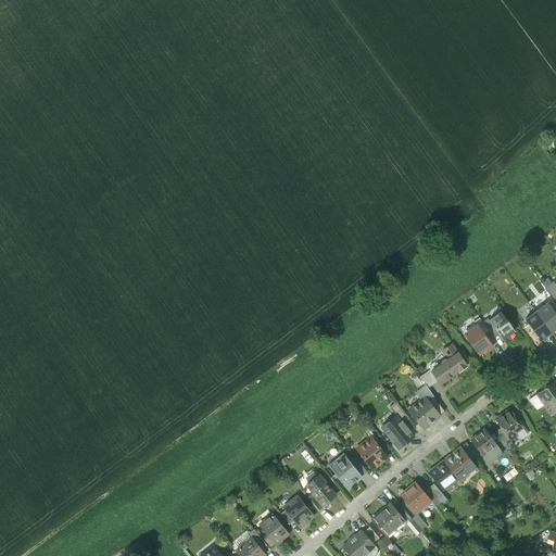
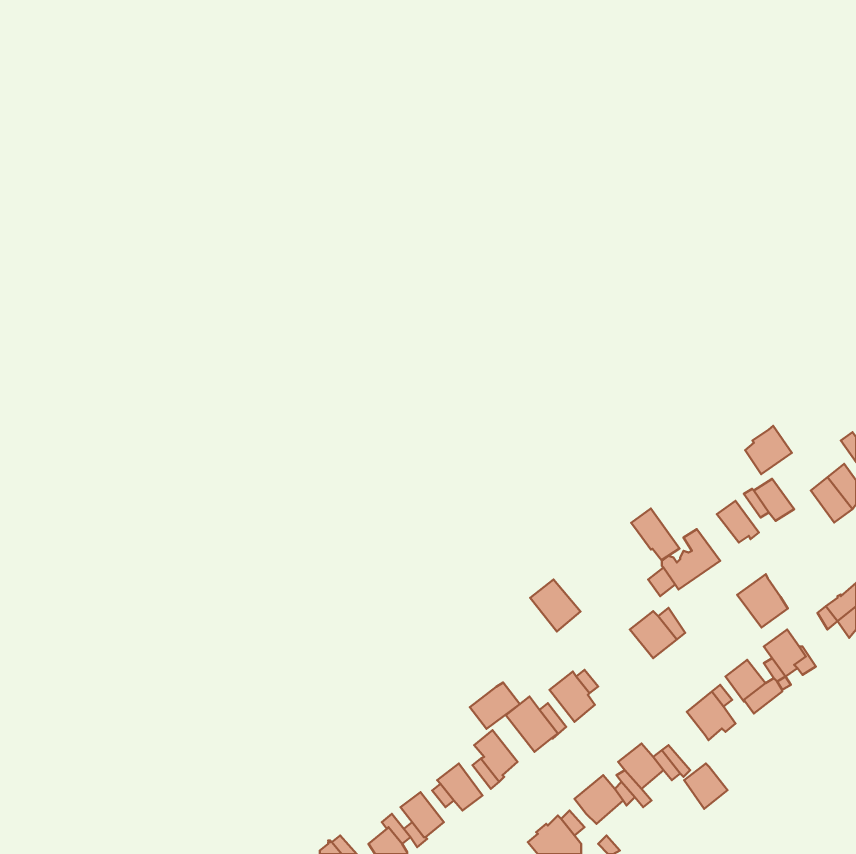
building: none -> [745,426,792,474]
building: none -> [631,508,679,560]
building: none -> [737,574,788,627]
building: [381,415,414,448] -> [530,580,580,631]
building: none -> [470,683,520,729]
building: [429,459,457,489] -> [684,763,728,809]

